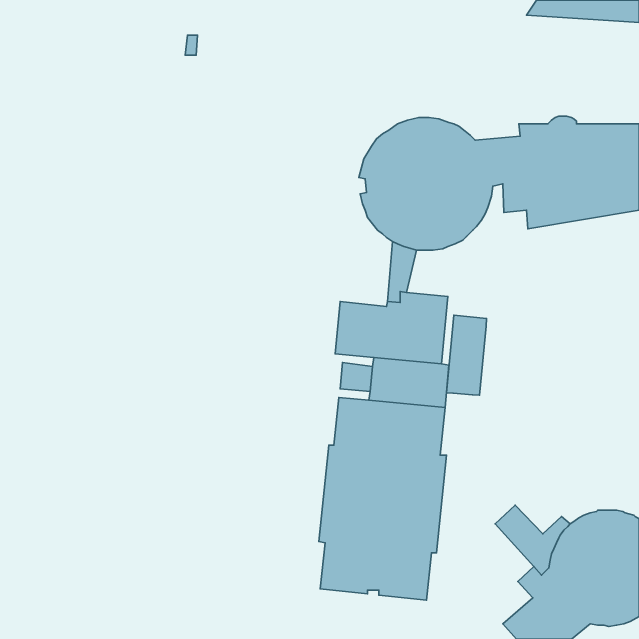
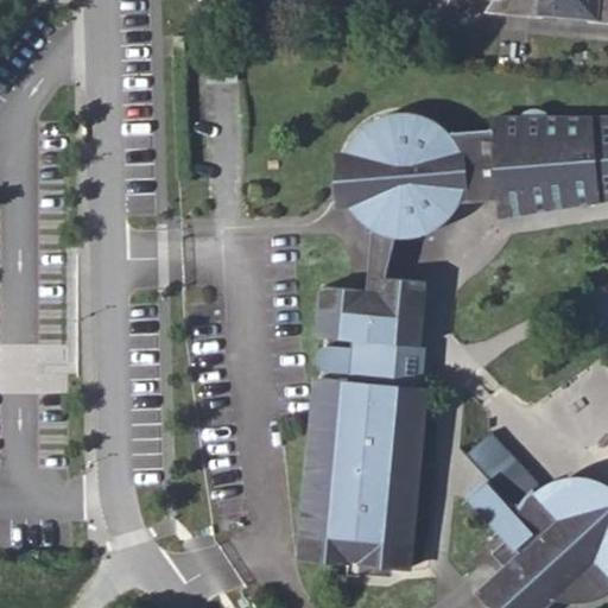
building: [446,315,486,395] -> none
building: none -> [467,432,539,507]

